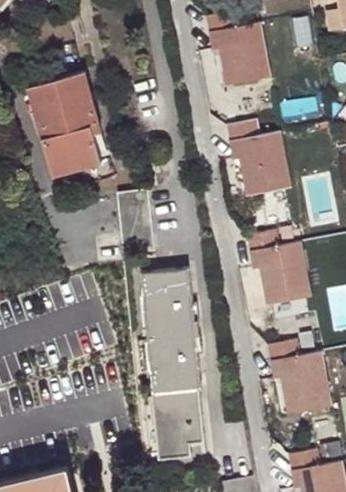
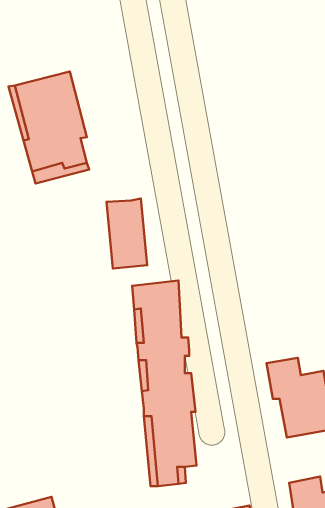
building: [206,11,270,84] -> none
building: [227,121,290,195] -> none
building: [246,231,310,304] -> none

